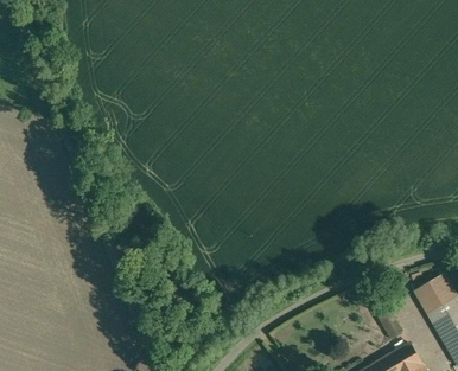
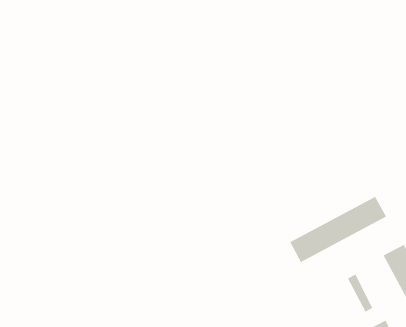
building: none -> [289,196,387,263]

